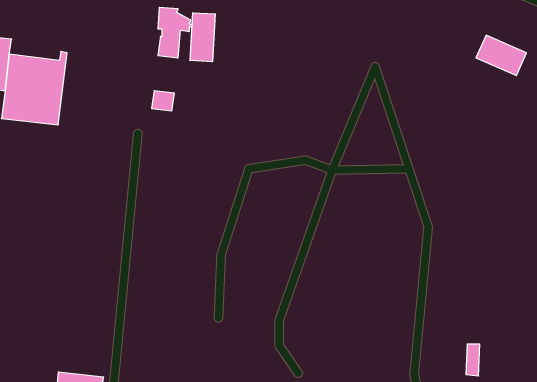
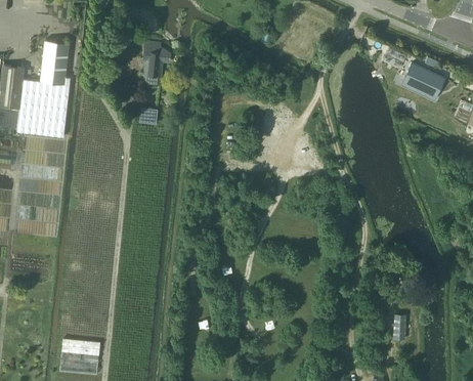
building: none -> [40,41,70,85]
building: [190,13,215,62] -> none

